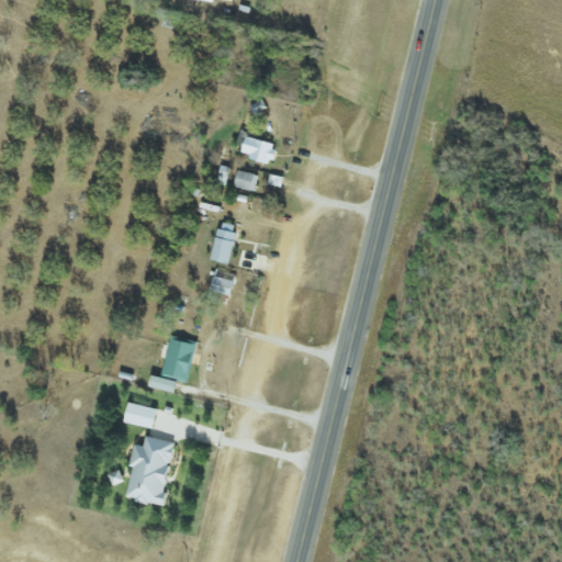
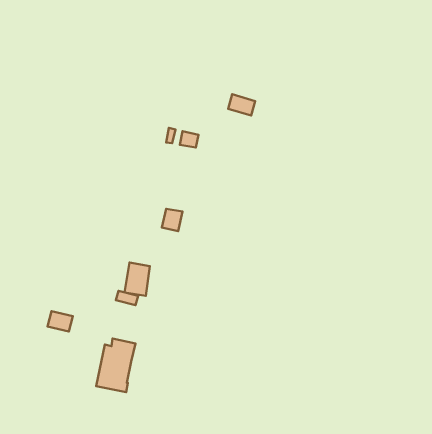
building: [240,135,276,162] -> [228,94,255,116]
building: [211,223,236,262] -> none
building: [124,402,157,428] -> [47,311,73,332]

